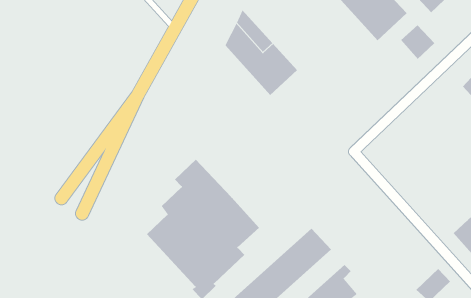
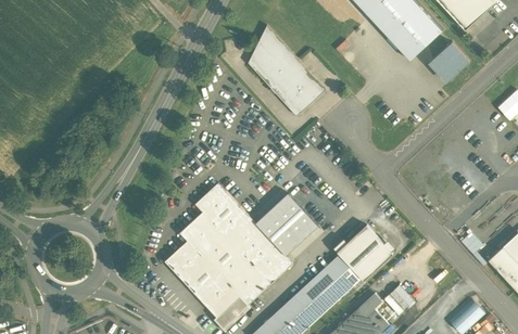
building: none -> [255,194,317,256]
building: none -> [337,226,392,281]
building: none -> [383,285,414,316]

